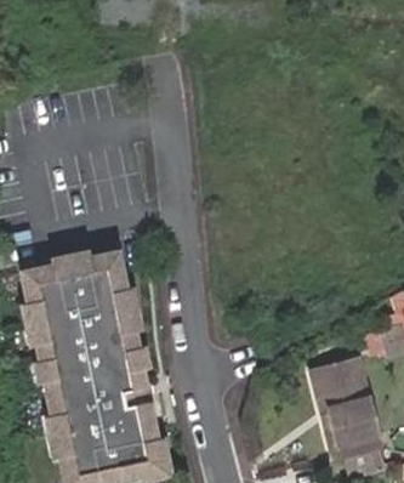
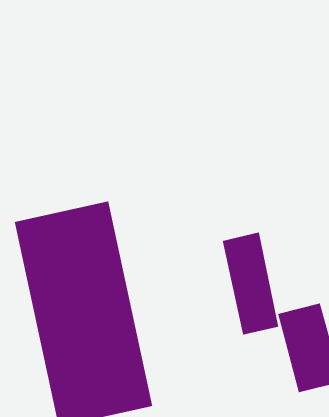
building: none -> [222,231,279,336]

